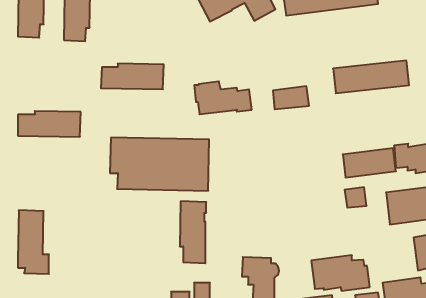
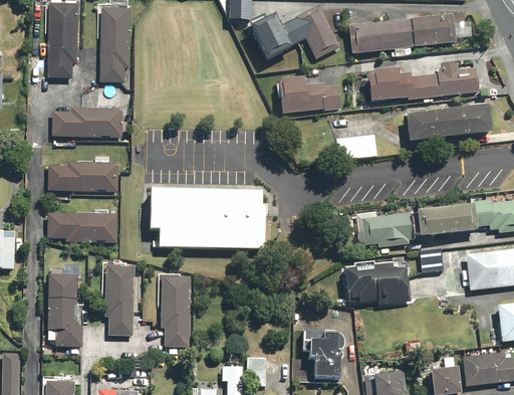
building: none -> [366,62,478,102]
building: [101,64,164,89] -> [51,108,122,137]
building: [194,81,252,114] -> [275,75,340,113]
building: none -> [355,211,413,246]
building: none -> [46,212,117,242]
building: [180,201,206,263] -> [160,276,190,347]
building: none -> [104,265,134,335]
building: [311,255,370,291] -> [344,264,411,305]

